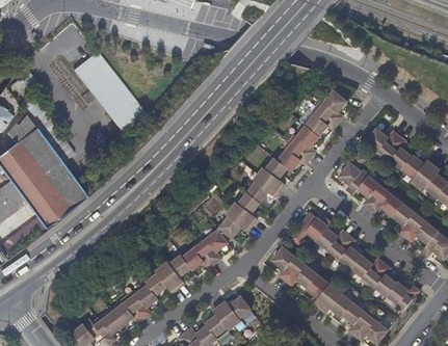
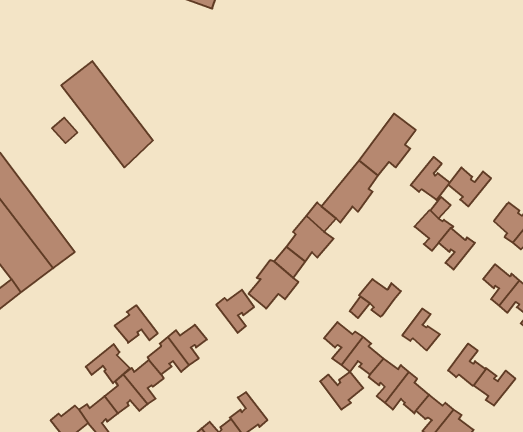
building: [389,139,419,172] -> [411,157,450,200]
building: [377,189,410,217] -> none
building: [322,233,353,261] -> none
building: [178,237,211,266] -> [115,305,158,343]
building: [357,260,389,288] -> none
building: none -> [86,344,130,383]
building: [217,297,251,326] -> [320,372,363,410]

